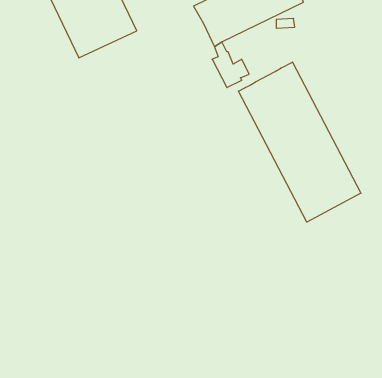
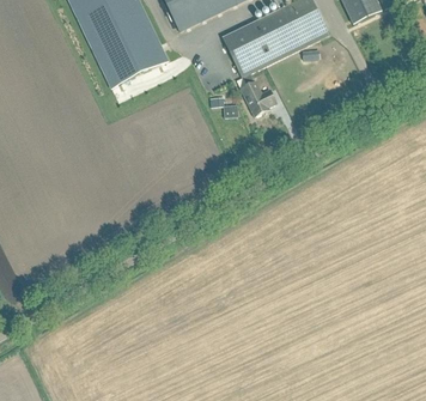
building: [238,62,361,222] -> none

